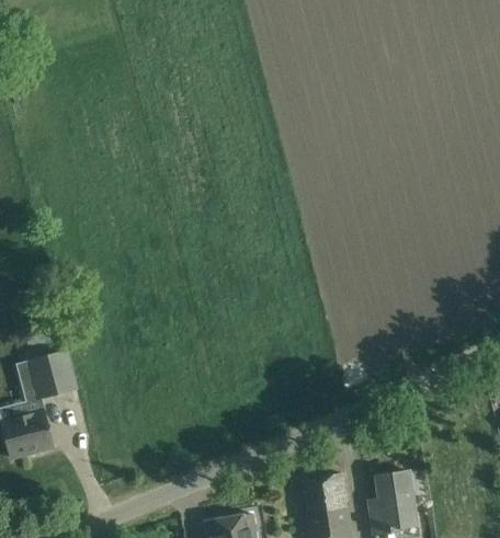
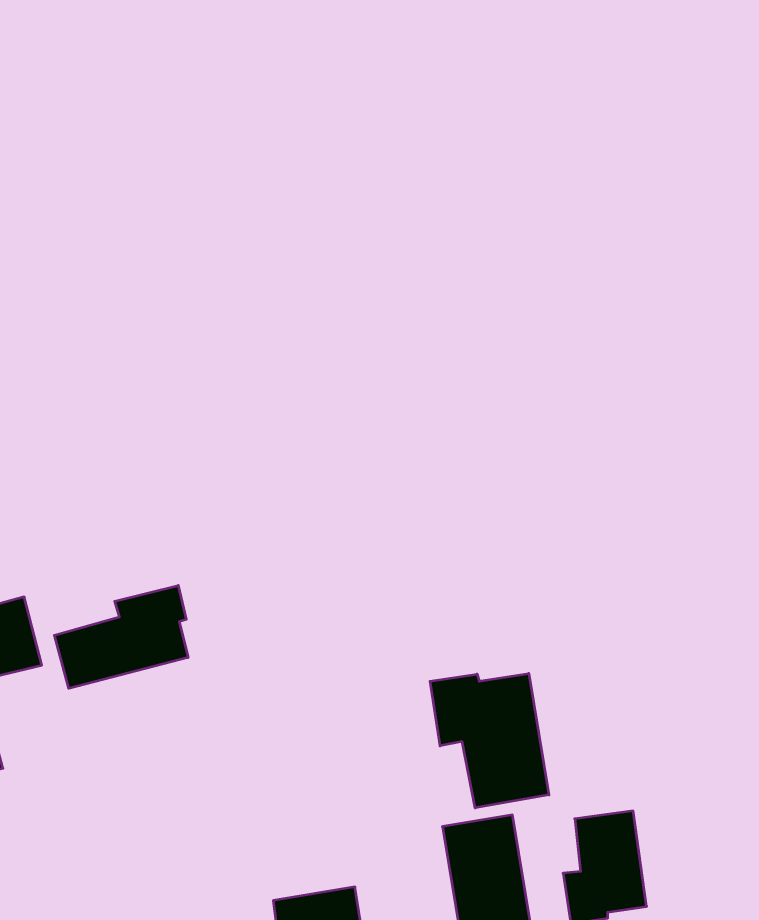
building: none -> [54,585,188,688]
building: none -> [430,673,549,808]

